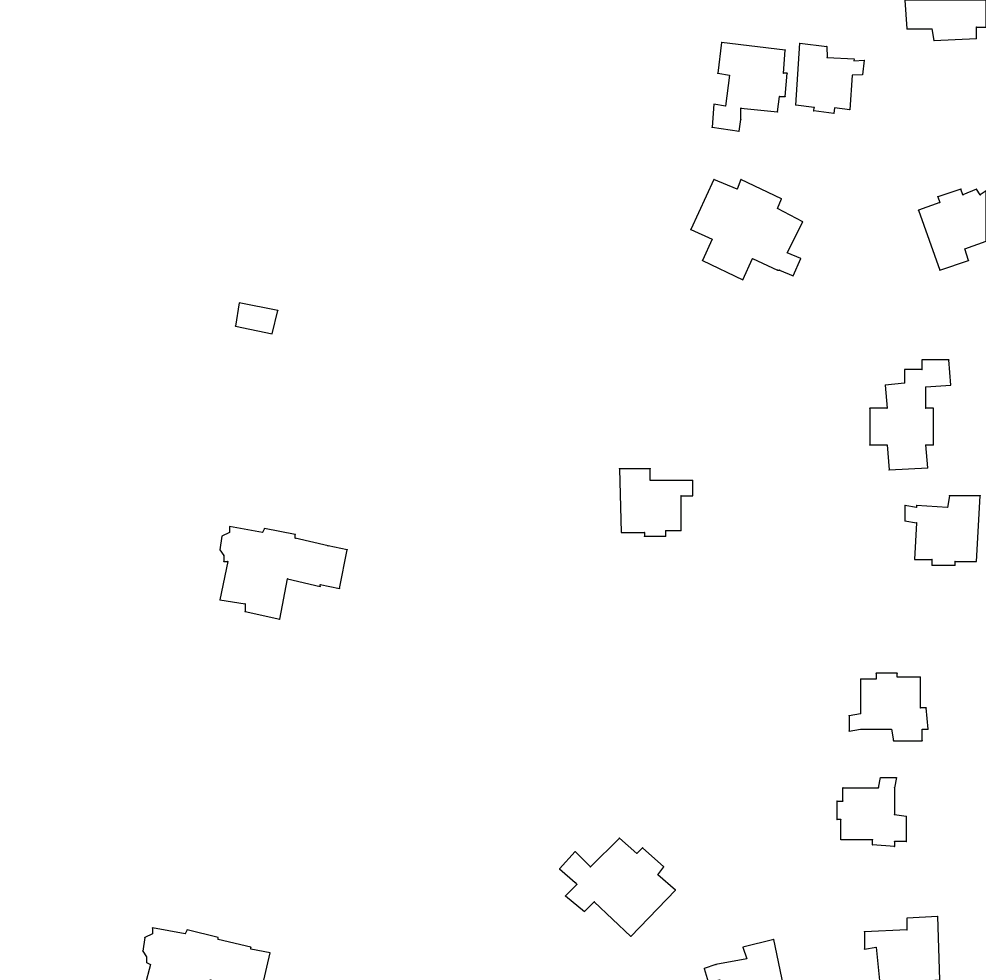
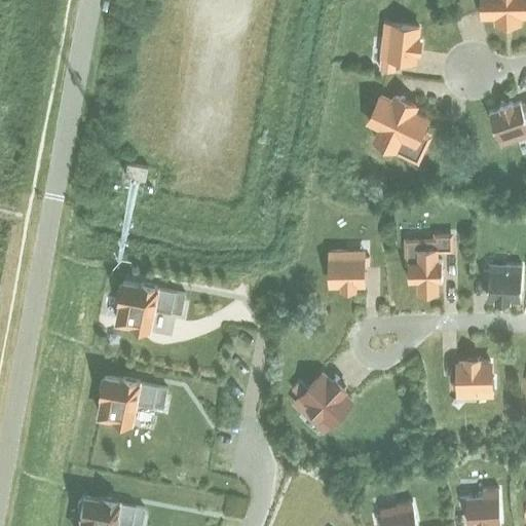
building: [796,43,864,113] -> none
building: [870,360,951,470] -> [408,237,451,296]
building: none -> [99,377,167,427]
building: [837,778,906,847] -> none
building: [560,838,675,936] -> [290,375,351,427]

